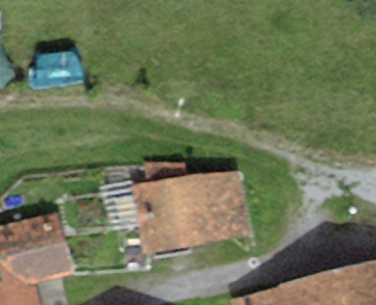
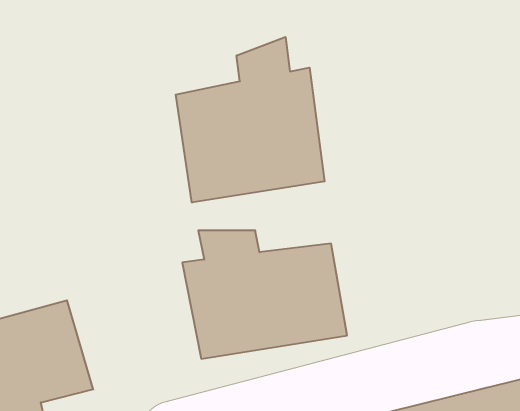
building: none -> [176,37,325,203]

